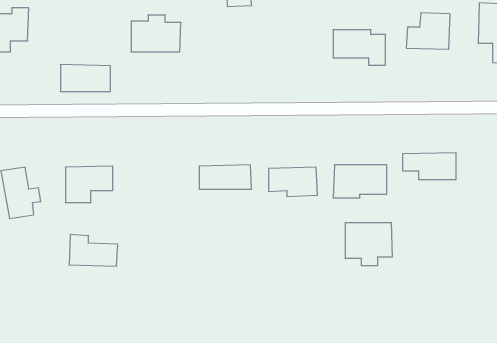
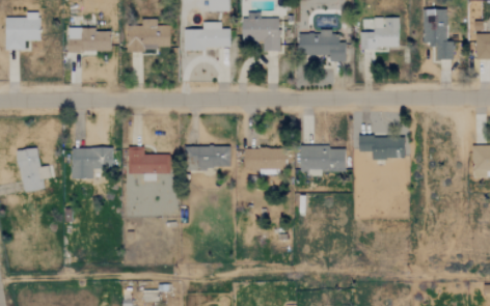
building: none -> [243,12,280,51]
building: none -> [184,22,230,49]
building: [60,65,110,91] -> [69,29,111,52]
building: [345,222,392,266] -> none
building: [69,234,118,266] -> [128,147,169,174]

